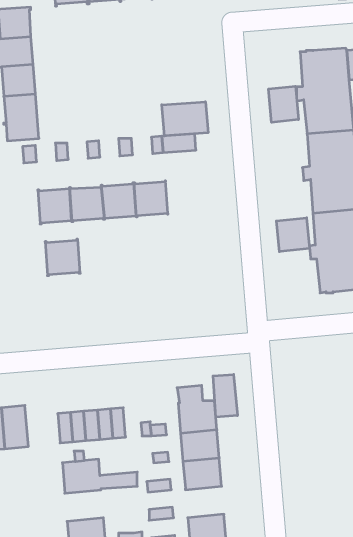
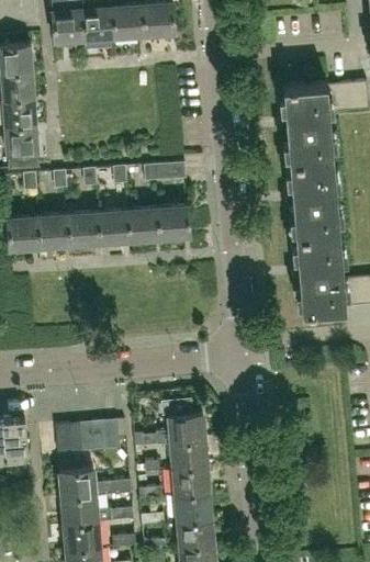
building: [269,86,298,122] -> none
building: [162,102,208,136] -> none
building: none -> [157,204,191,238]
building: [276,218,310,252] -> none
building: [45,239,80,276] -> [7,215,40,249]
building: [213,374,237,417] -> none
building: none -> [176,493,212,522]
building: none -> [63,496,133,526]

